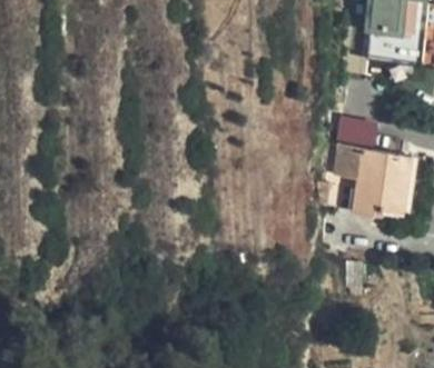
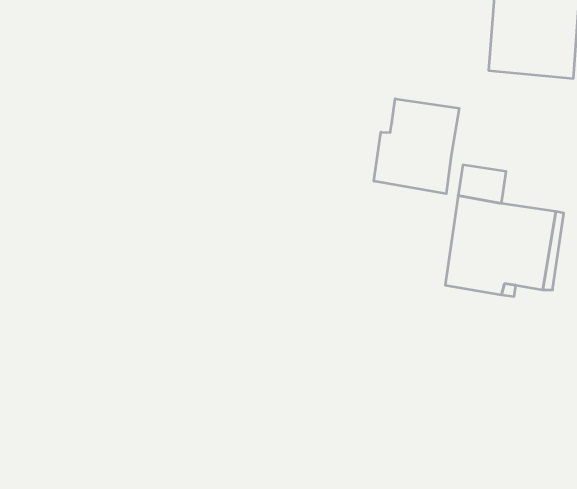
building: none -> [374,99,459,194]

